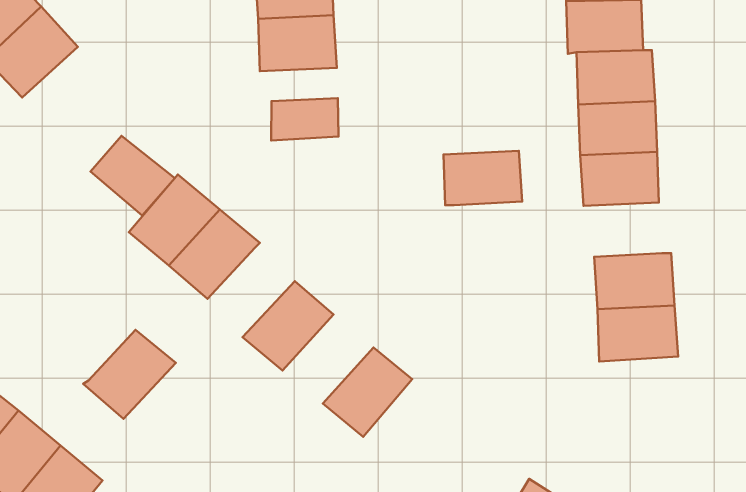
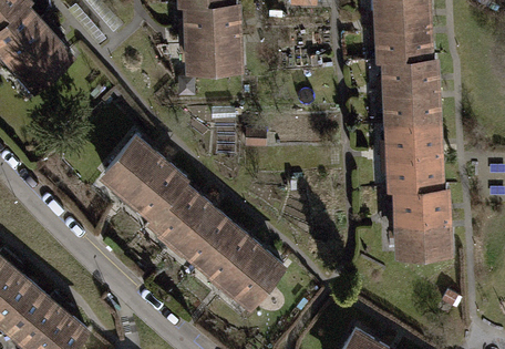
building: [271,98,338,141] -> none
building: [90,136,175,215] -> none
building: [444,151,522,205] -> [390,155,440,189]
building: none -> [199,226,257,283]
building: [83,330,176,419] -> [148,184,207,240]

